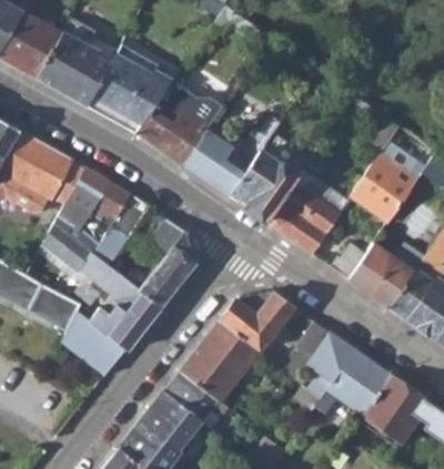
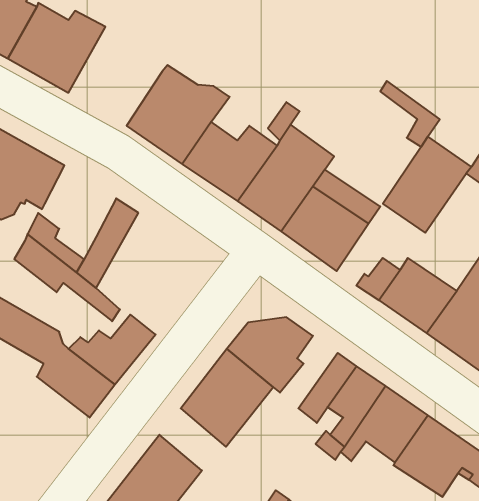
building: [88,44,171,133] -> none
building: [68,166,128,226] -> none
building: [132,217,195,308] -> none
building: [164,370,226,430] -> none

